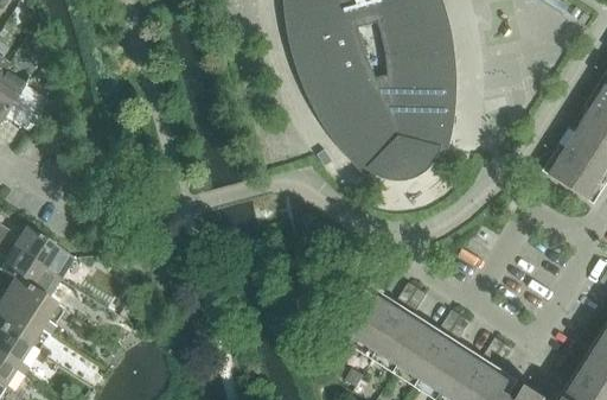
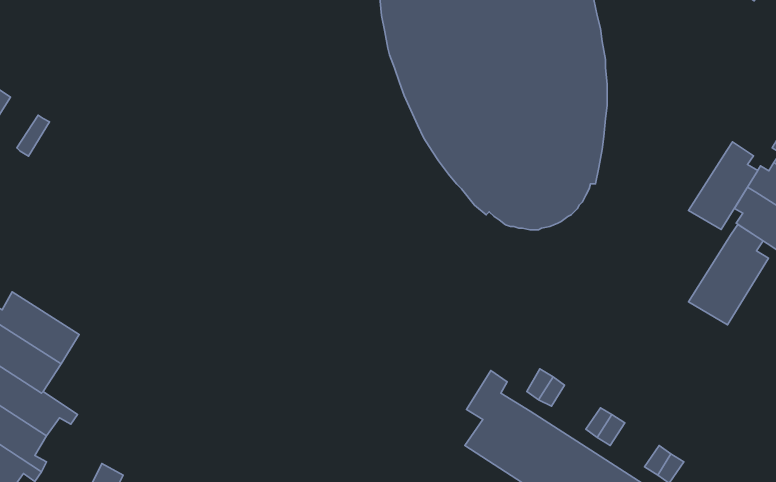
building: none -> [689,142,758,230]
building: none -> [688,224,769,325]

